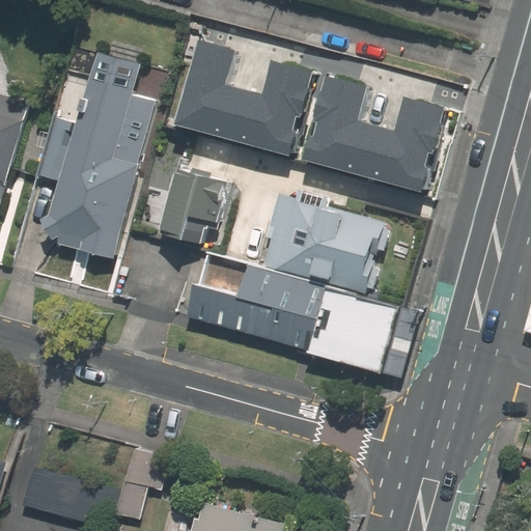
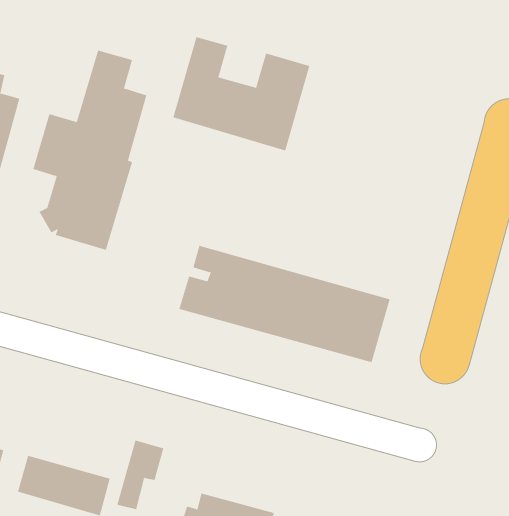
building: [311,75,452,192] -> none
building: [156,166,224,252] -> none
building: [228,188,382,296] -> none

